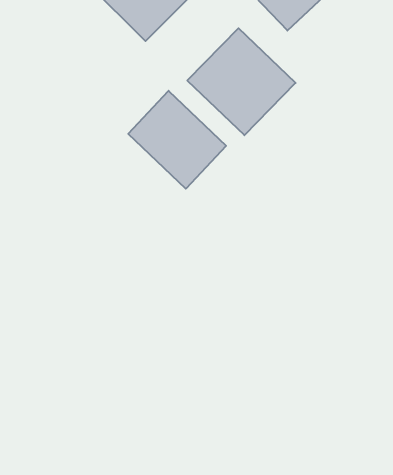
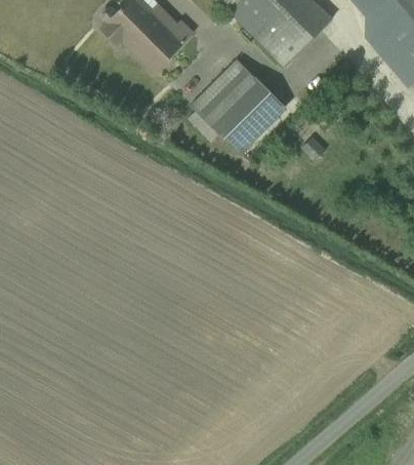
building: [128,91,226,189] -> none

